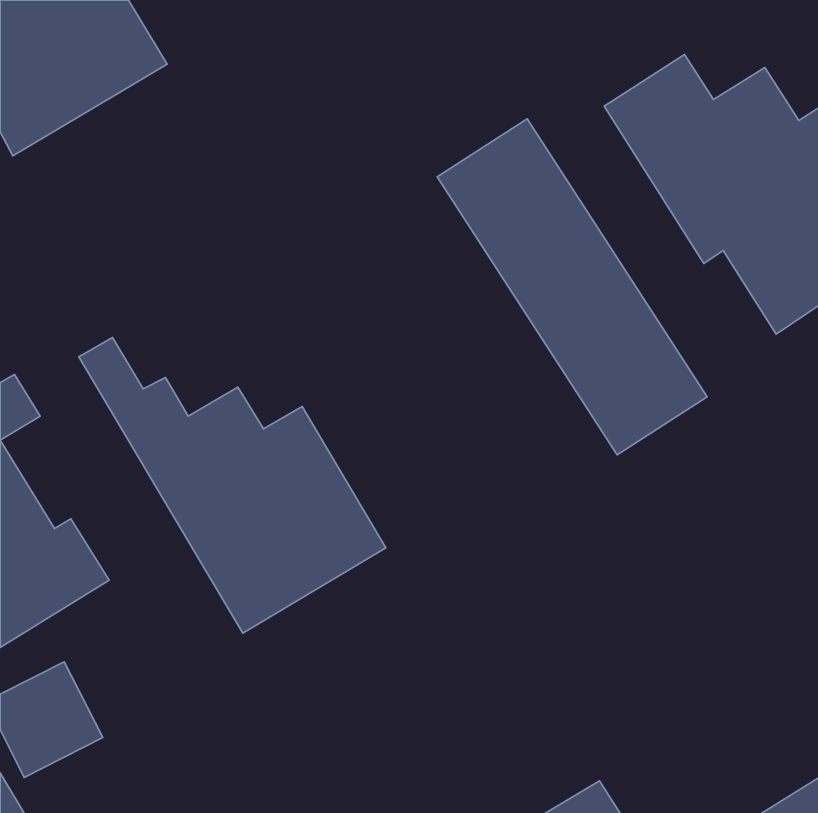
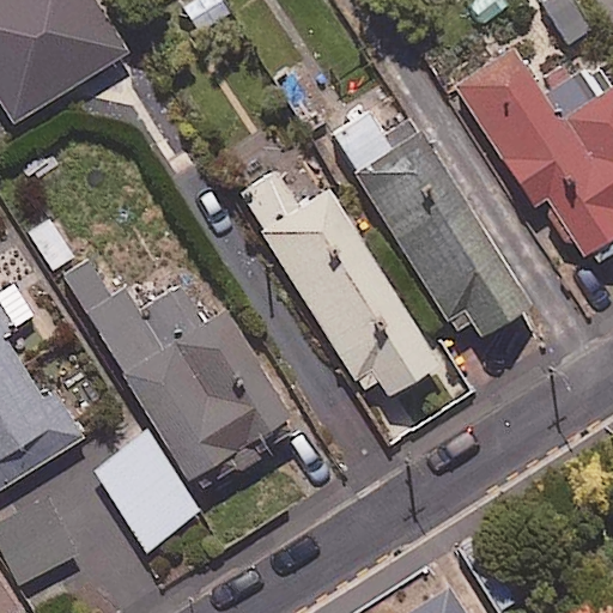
building: none -> [239,170,437,403]
building: none -> [93,433,201,551]

